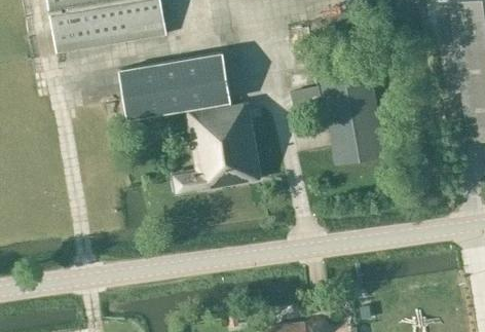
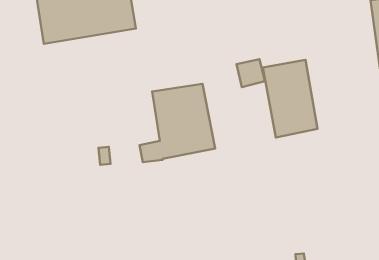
building: [119,53,230,119] -> none

